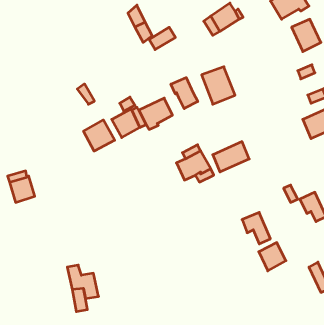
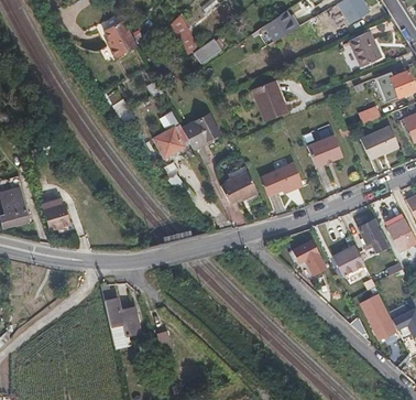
building: none -> [105,17,138,55]
building: [171,78,198,109] -> none
building: none -> [307,134,343,167]
building: [84,120,115,151] -> none
building: [259,243,286,271] -> [335,244,364,274]

